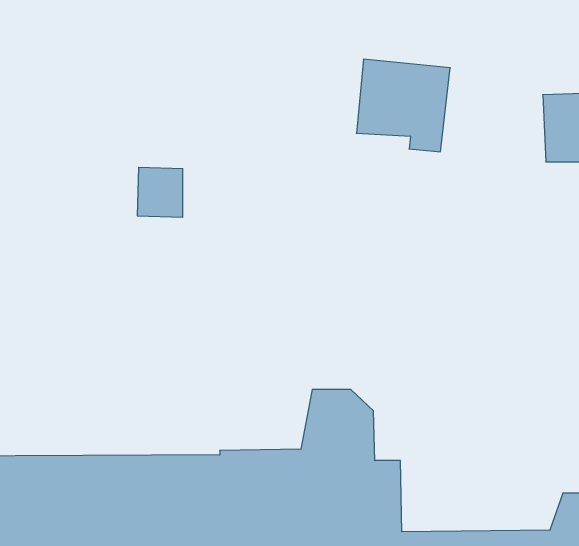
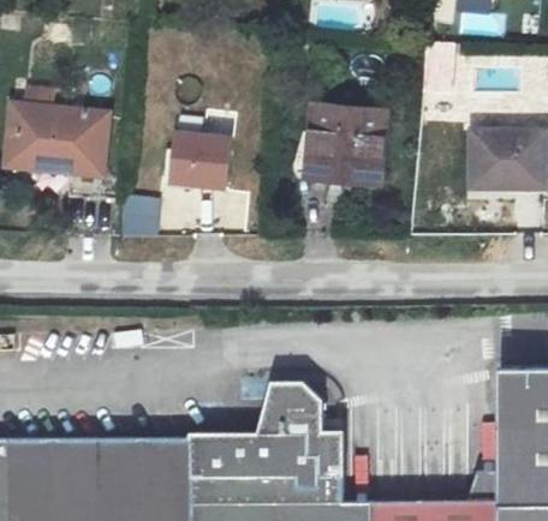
building: none -> [17,113,103,173]
building: none -> [174,132,237,186]

